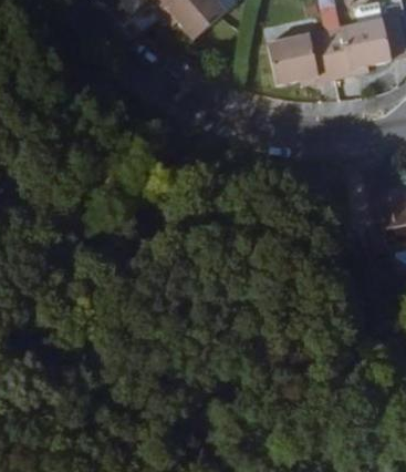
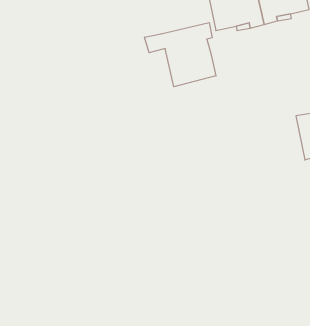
building: none -> [145,23,216,87]

